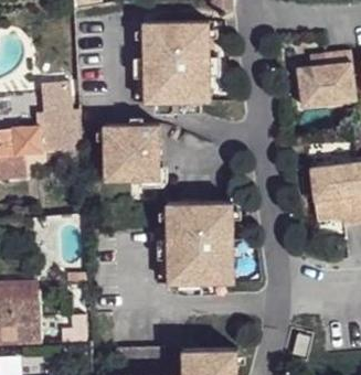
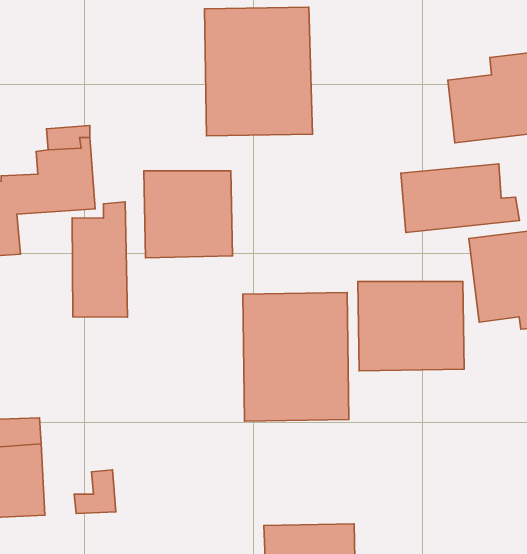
building: none -> [401,164,520,233]
building: none -> [72,202,128,317]
building: none -> [358,281,464,371]

